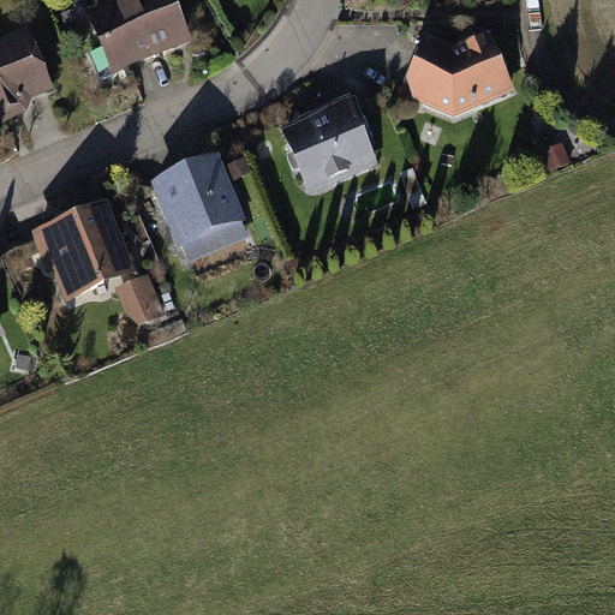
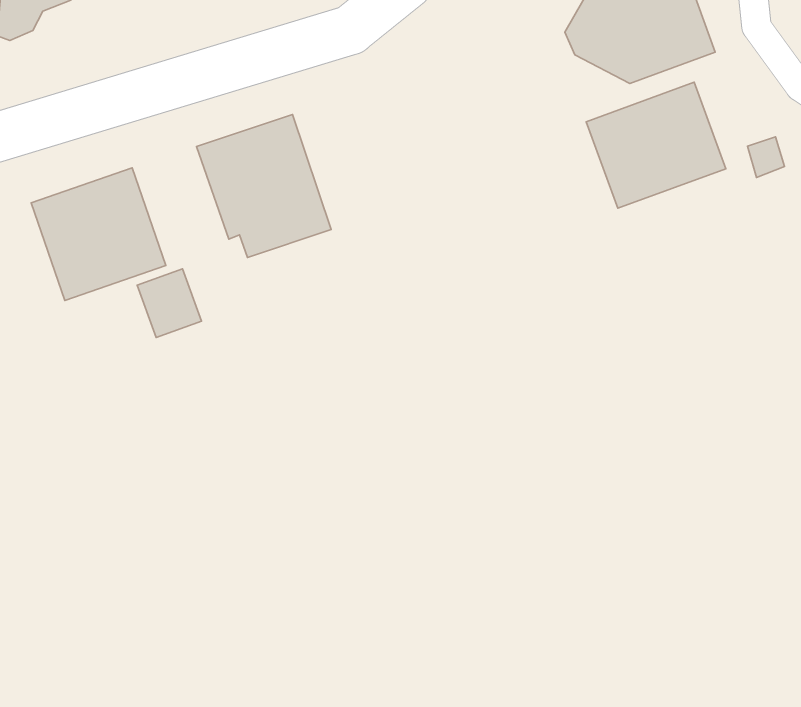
building: [280,95,378,195] -> none
building: none -> [586,82,726,208]

